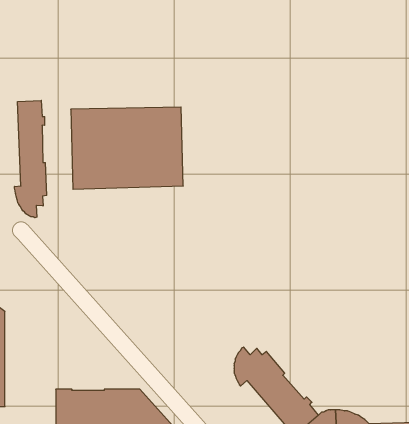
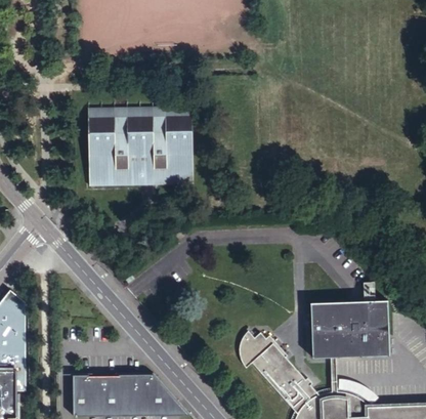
building: [14,100,47,218] -> none
building: none -> [311,301,390,360]

